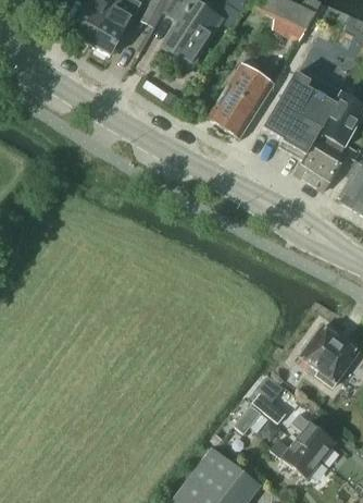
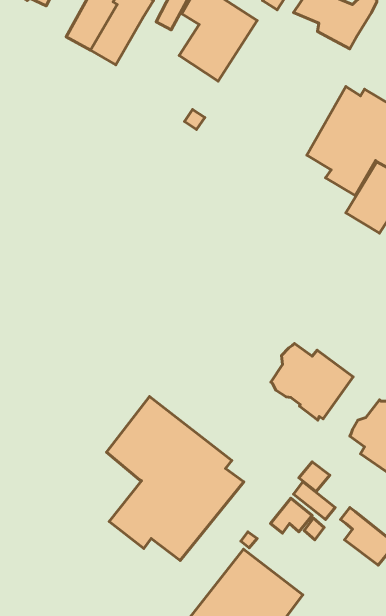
building: [206,63,273,137] -> none
building: none -> [271,343,353,420]
building: none -> [106,396,244,560]
building: [268,438,321,478] -> none

